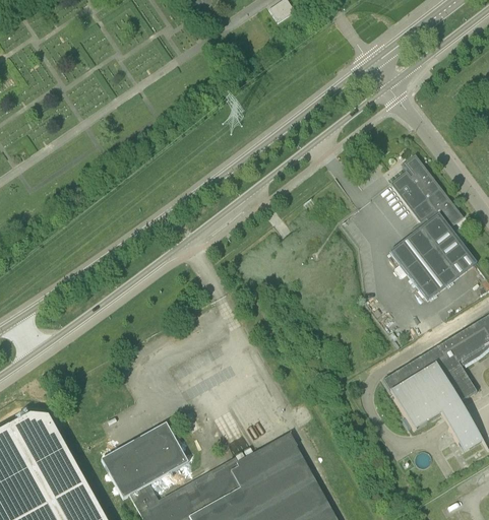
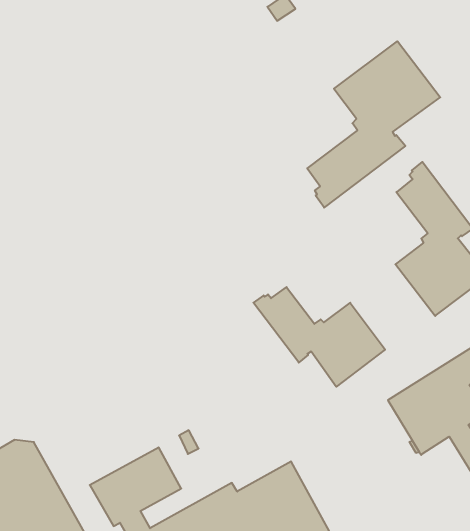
building: none -> [307,41,440,208]
building: none -> [253,287,385,387]

